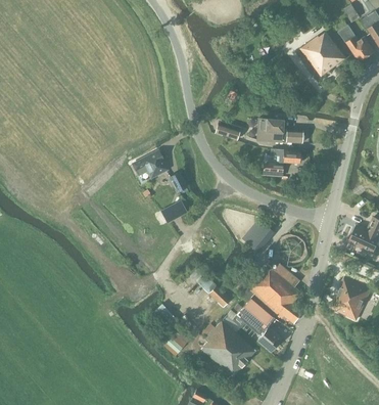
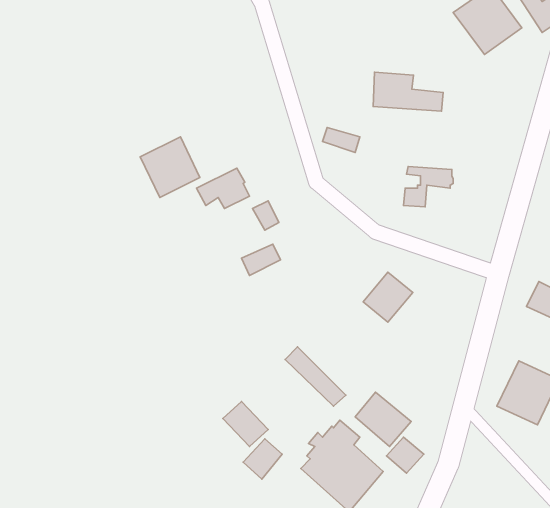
building: [256,118,302,143] -> [373,72,443,111]
building: none -> [140,137,200,197]
building: [247,263,300,322] -> none

